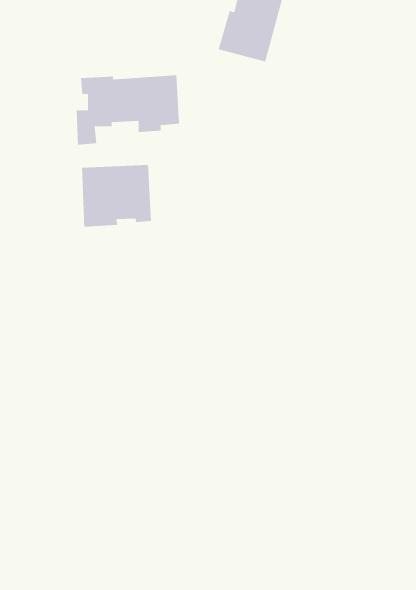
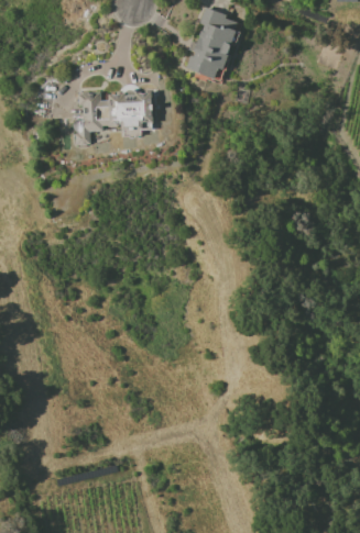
building: [81,164,151,228] -> none

